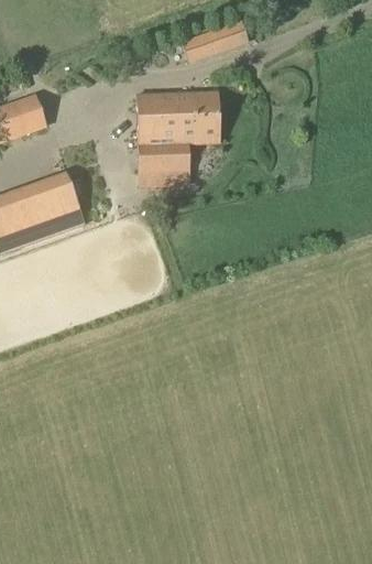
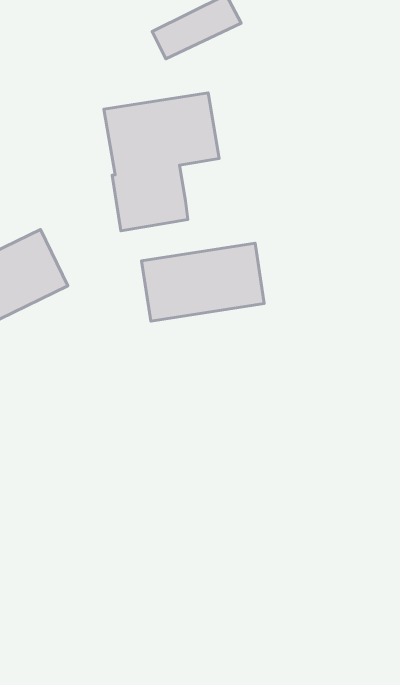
building: none -> [142,243,264,321]

